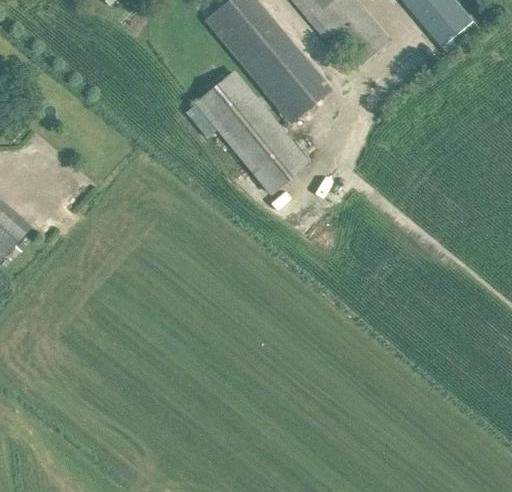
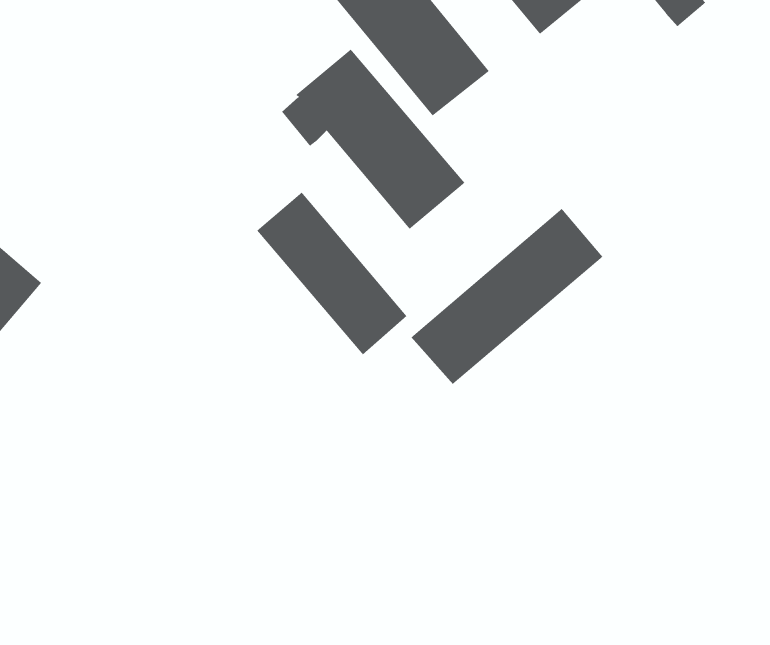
building: none -> [256,191,407,356]
building: none -> [411,208,604,385]

